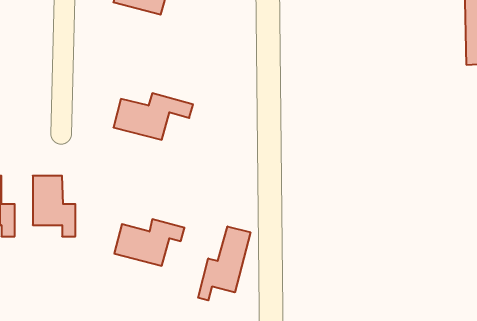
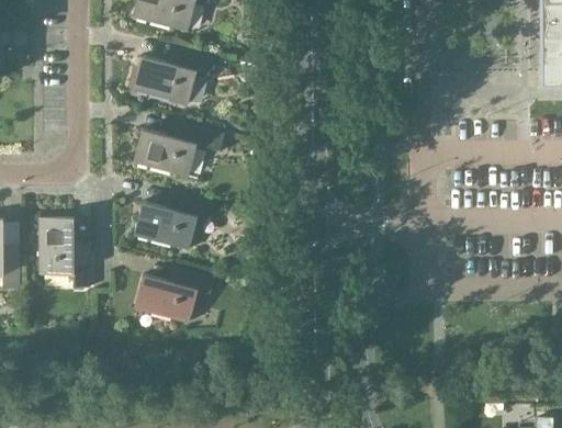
building: none -> [134,49,215,103]
building: none -> [135,194,215,249]
building: [198,226,250,300] -> none

